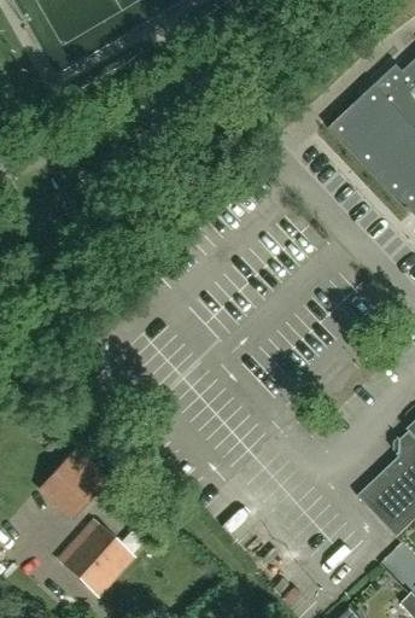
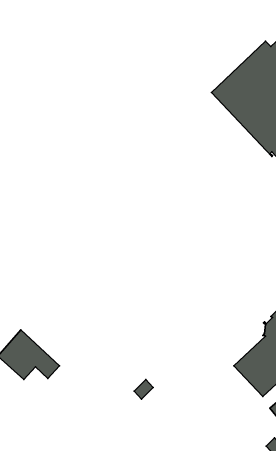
building: [60,523,129,591] -> none

